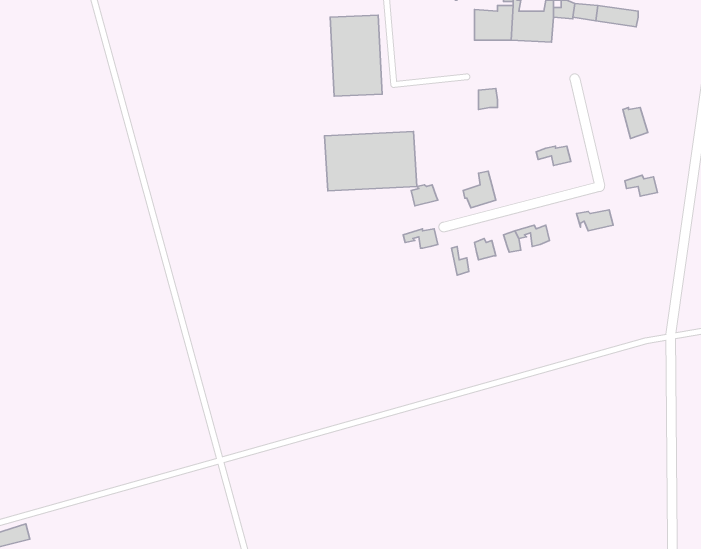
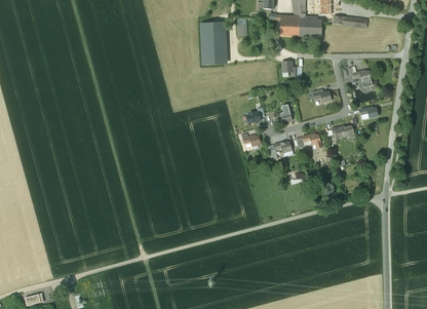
building: [325,131,417,191] -> none

